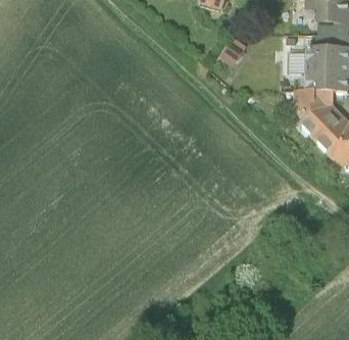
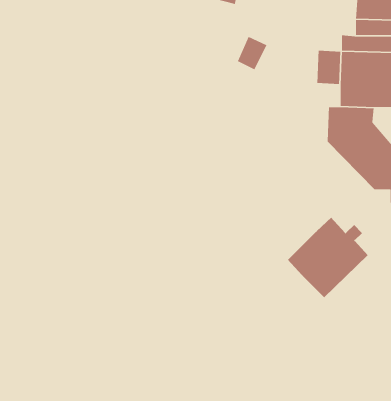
building: none -> [287,217,368,298]

